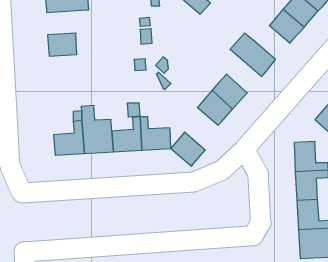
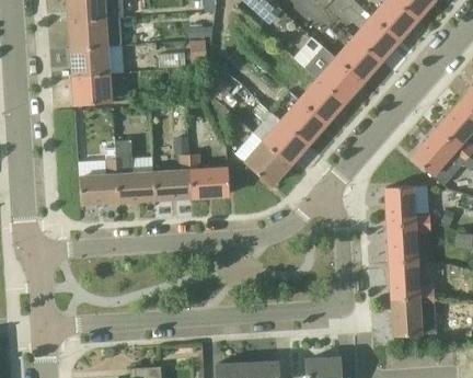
building: none -> [70,18,124,49]
building: none -> [336,37,381,81]
building: none -> [73,75,111,105]
building: none -> [300,79,345,124]
building: [171,132,205,166] -> [245,142,289,186]

